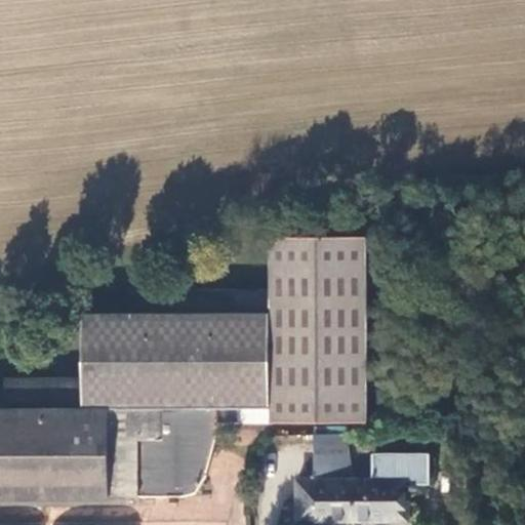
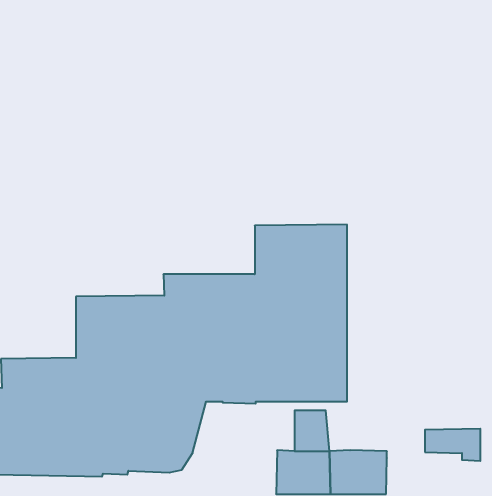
building: [369,451,428,485] -> [425,429,480,461]

